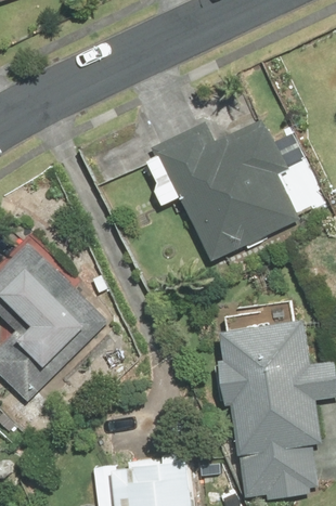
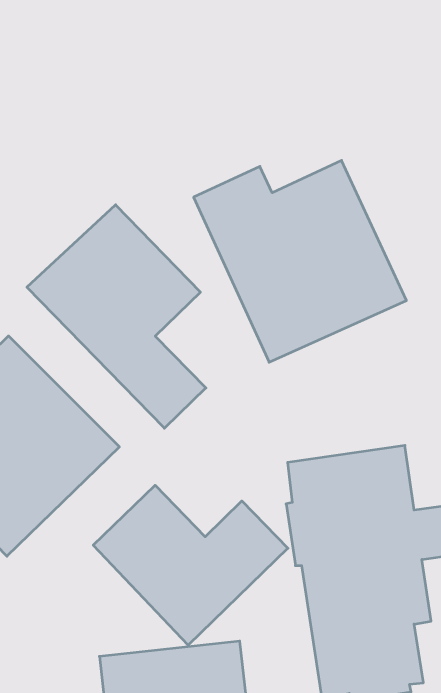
building: none -> [27,205,206,428]
building: none -> [93,485,288,645]

